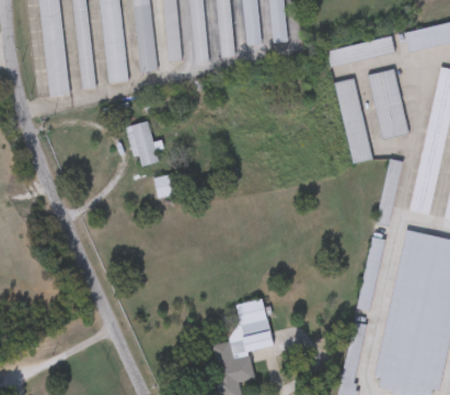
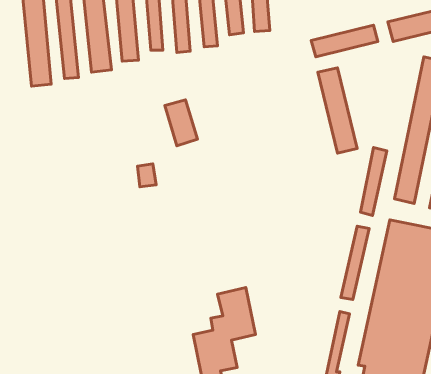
building: [369,68,409,138] -> none
building: [126,120,159,166] -> [165,100,198,146]

